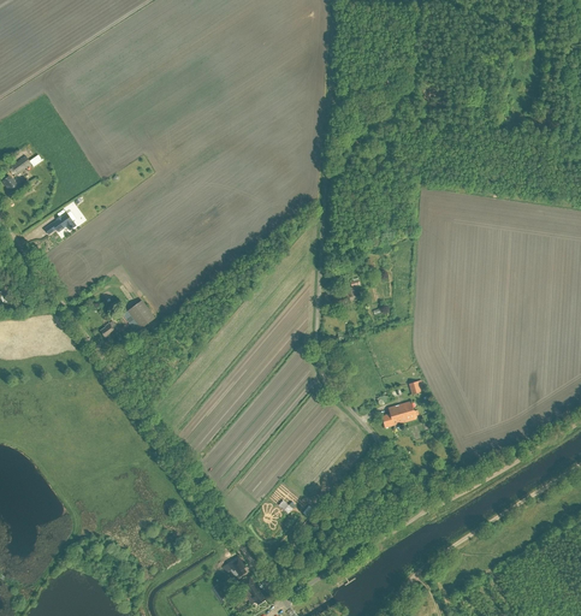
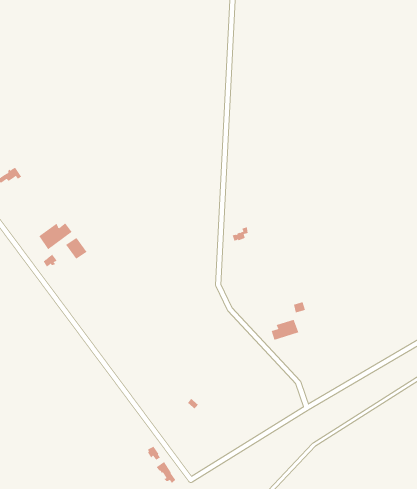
building: none -> [38,223,72,250]

